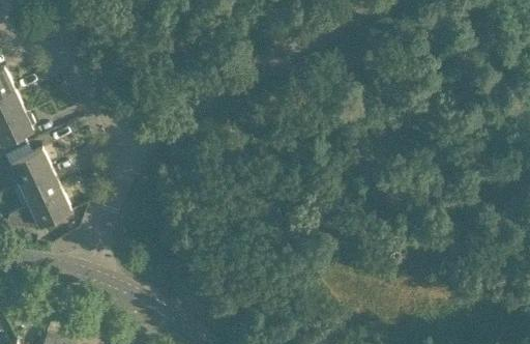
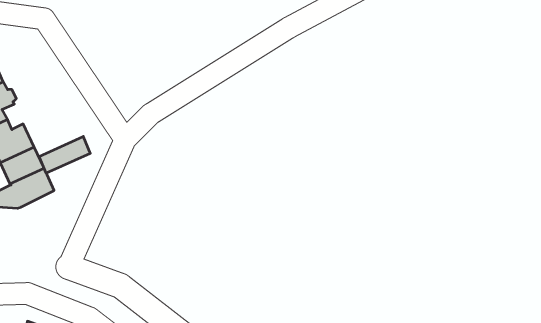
building: none -> [39,136,90,173]

